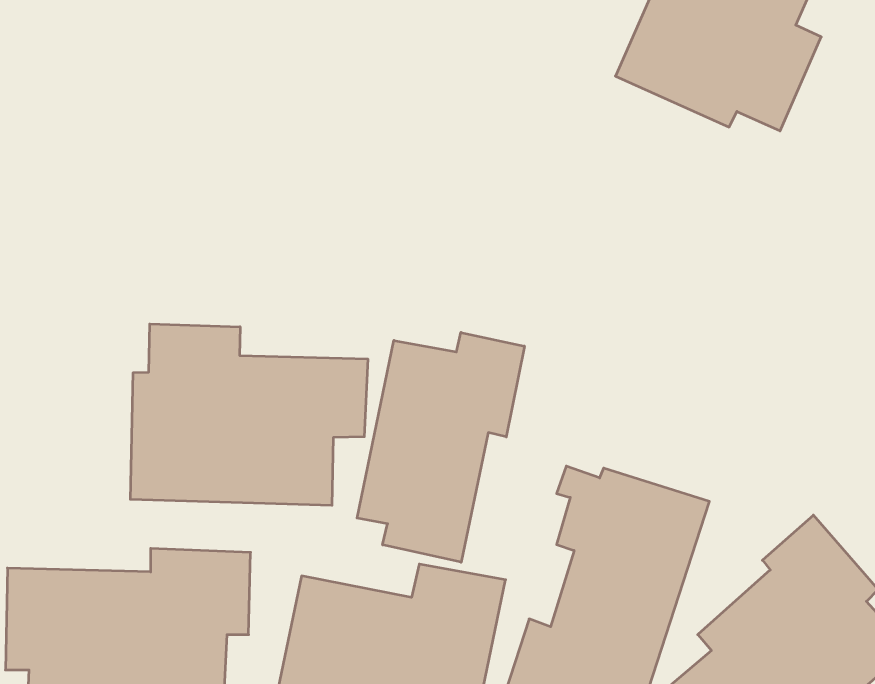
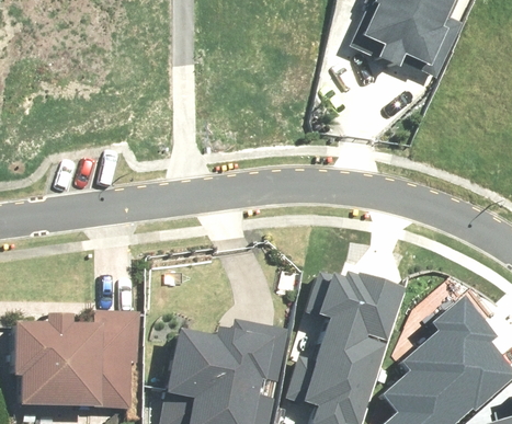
building: [130,324,368,505] -> none
building: [357,332,524,562] -> none

